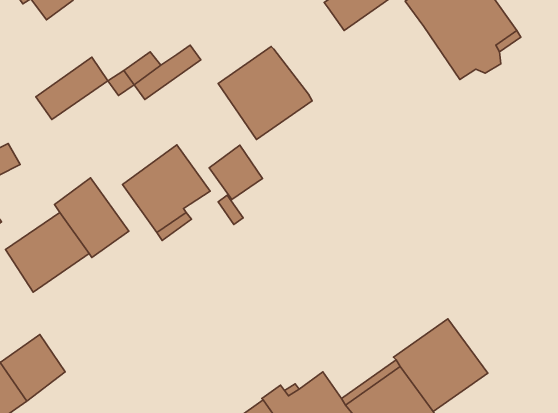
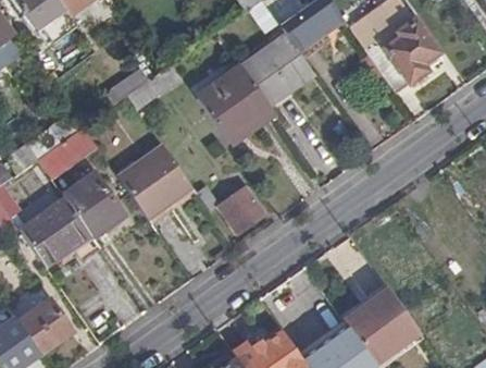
building: none -> [242,32,315,102]
building: [36,57,108,119] -> [38,125,97,176]
building: [209,145,262,200] -> [220,186,263,231]

